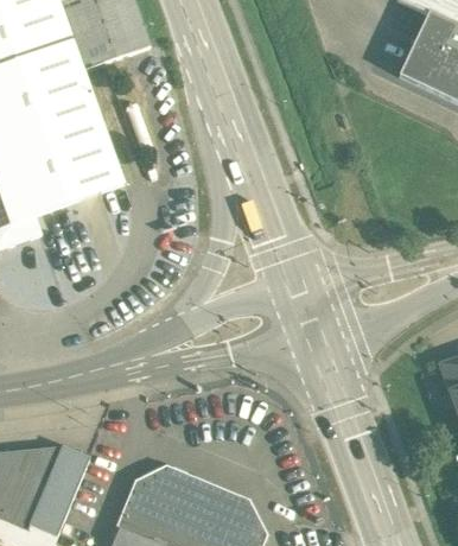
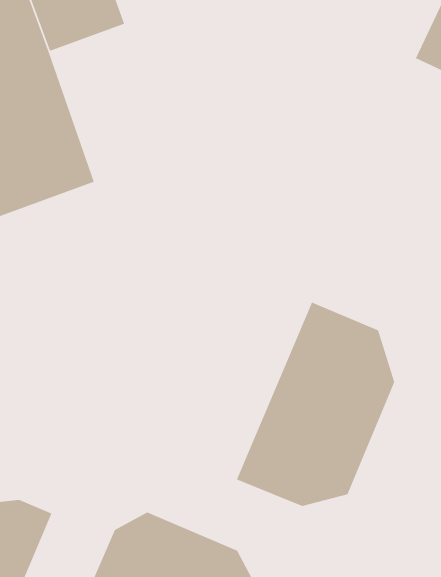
building: none -> [236,301,395,507]

